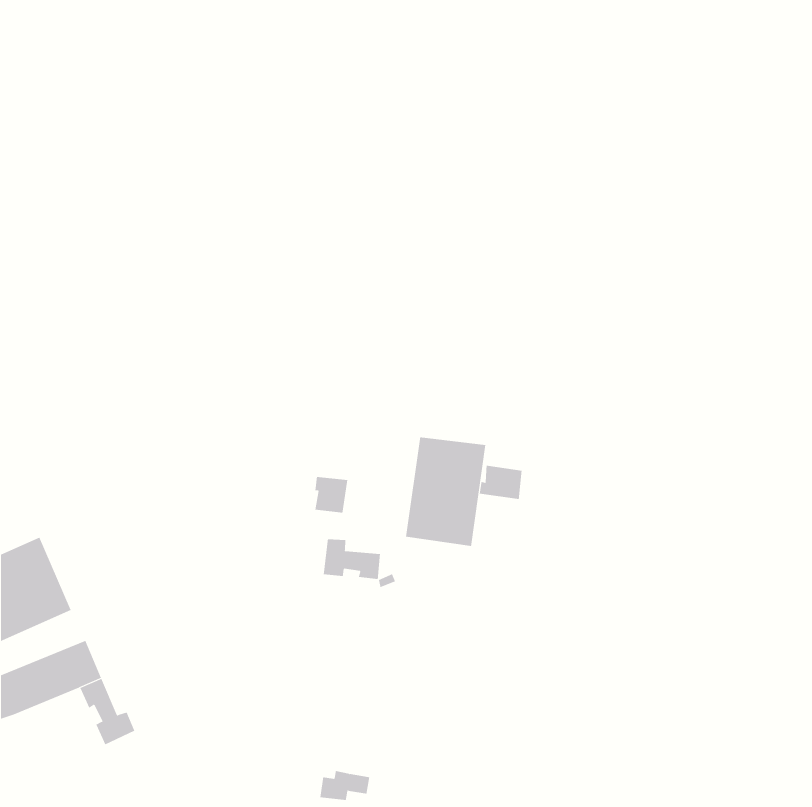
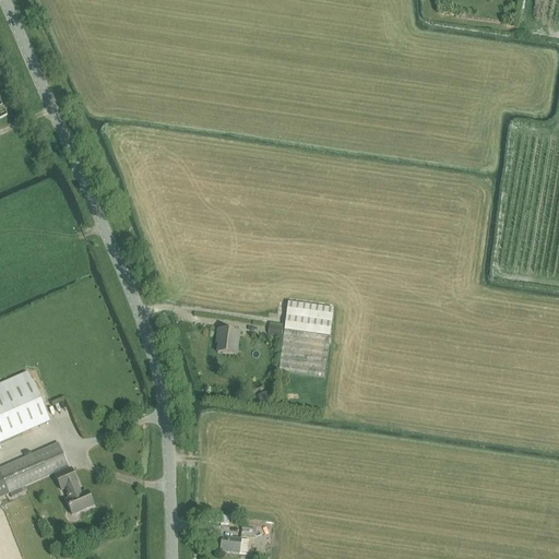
building: [479,465,522,500] -> none
building: [323,538,381,580] -> none

